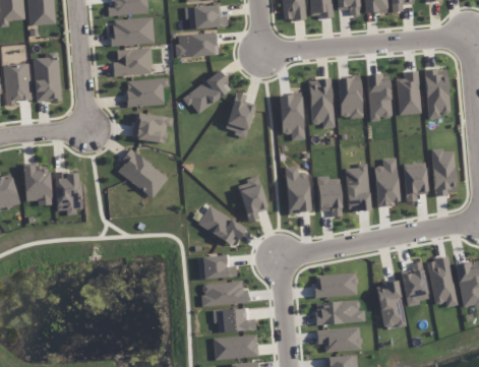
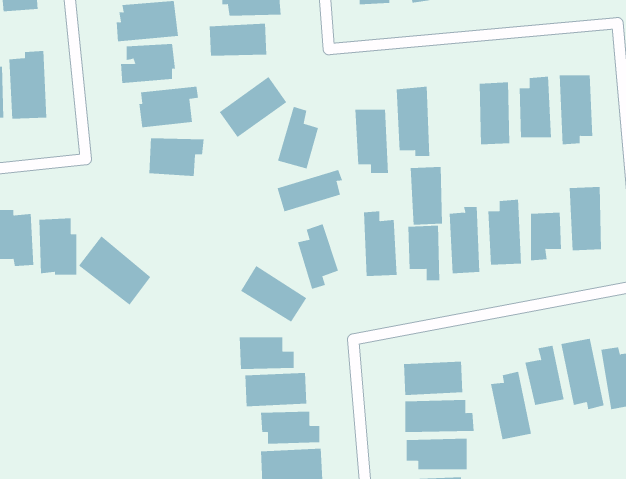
building: [338,76,361,118] -> [410,167,443,225]
building: none -> [277,169,343,212]
building: [116,148,168,198] -> [78,236,151,306]

